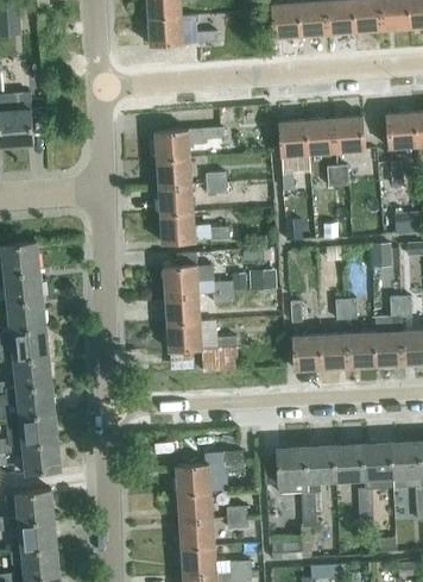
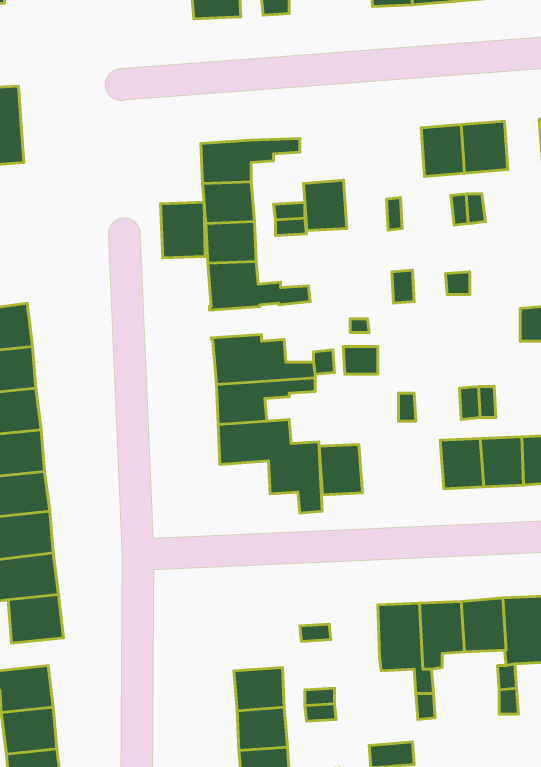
building: [278,120,308,155] -> [303,180,347,230]
building: none -> [160,202,205,258]
building: [291,334,321,369] -> [319,444,362,495]
building: [176,463,210,493] -> none

